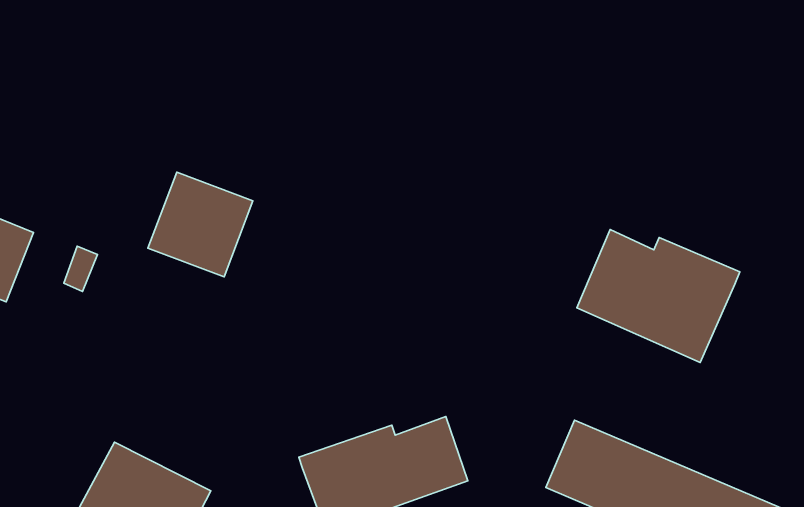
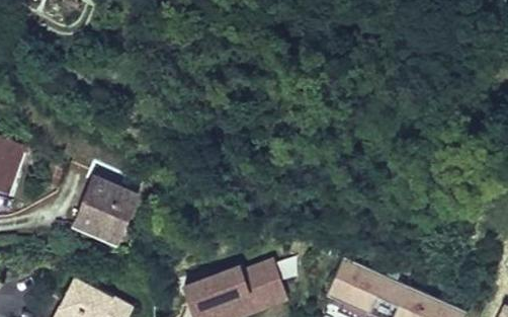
building: [148,172,253,277] -> [74,172,137,235]
building: [577,230,740,362] -> none

